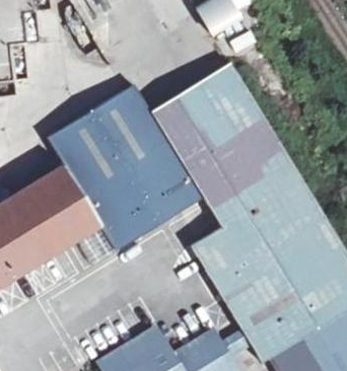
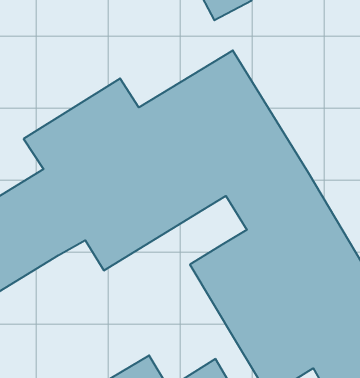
building: [203,188,241,229] -> none

